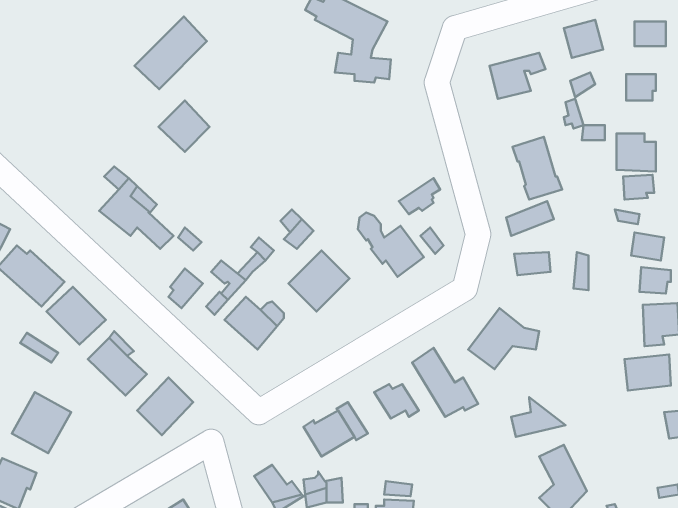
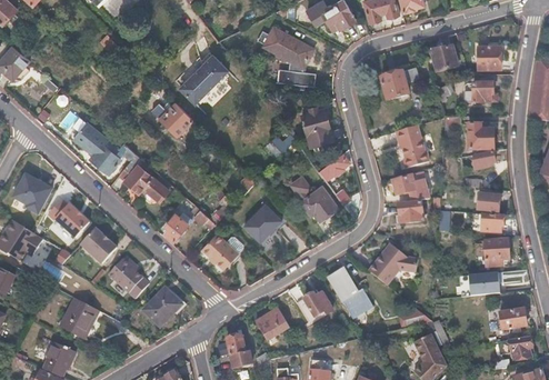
building: [134,17,207,89] -> [180,54,229,103]
building: none -> [300,109,333,148]
building: none -> [74,122,121,173]

